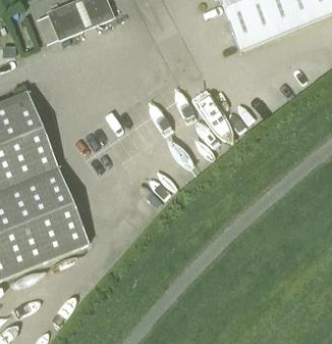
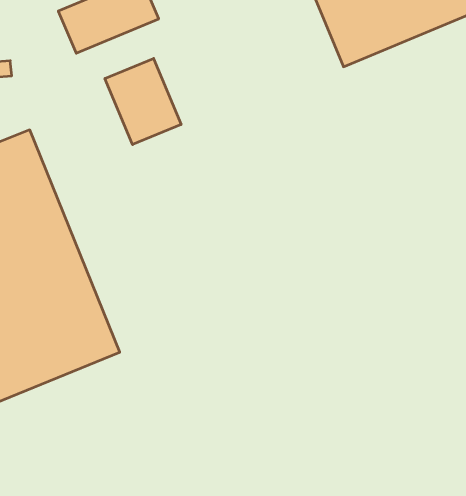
building: none -> [105,58,181,145]

